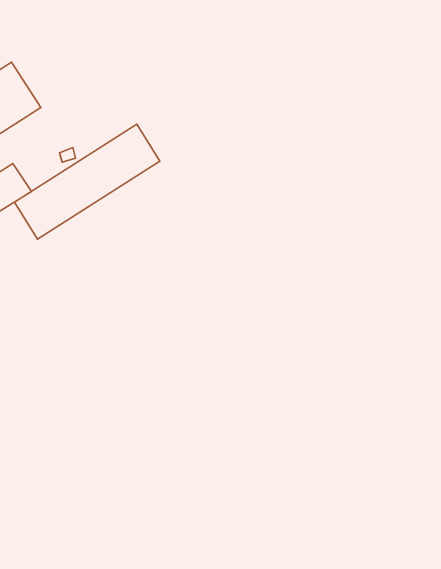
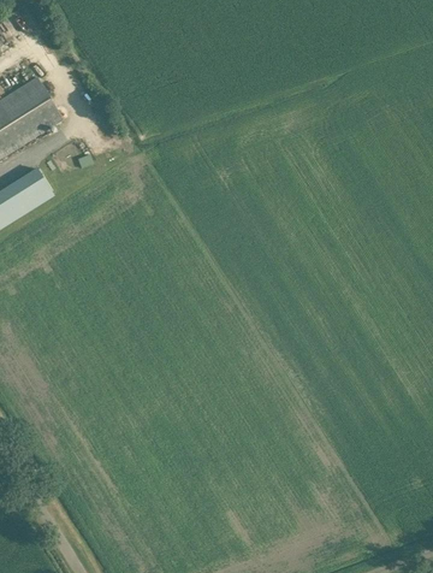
building: [15,124,160,239] -> none

